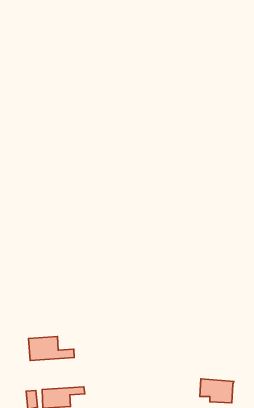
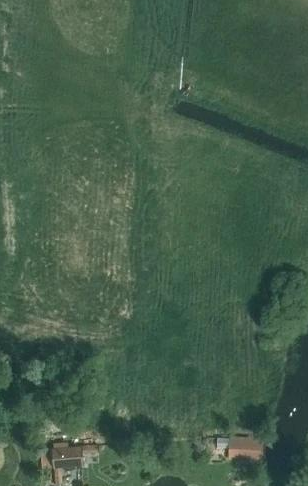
building: [28,337,74,360] -> none

